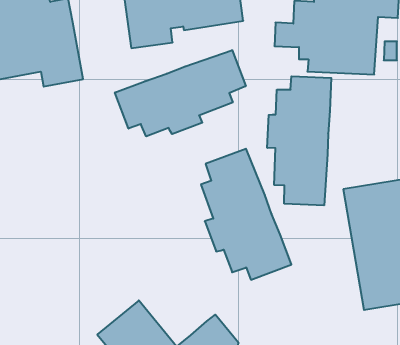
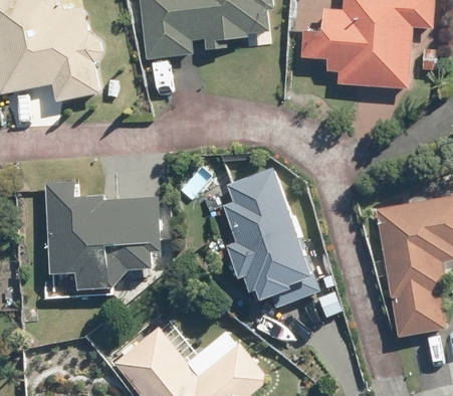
building: [115,50,246,136] -> none
building: [267,76,331,205] -> none
building: none -> [44,181,159,288]

